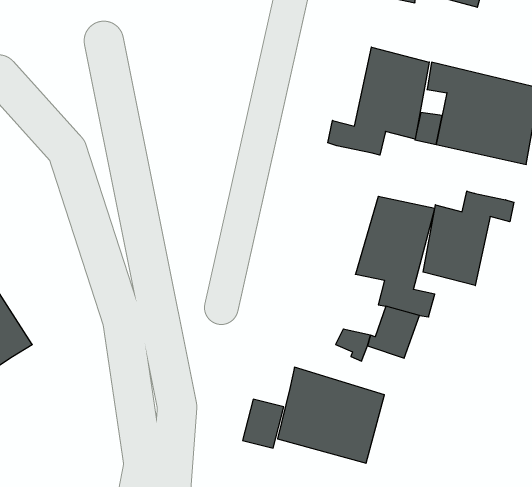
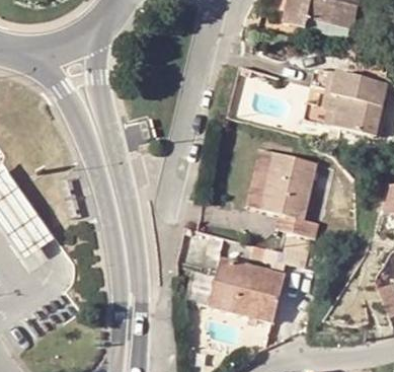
building: [328,47,429,155] -> none
building: [423,191,514,286] -> none

